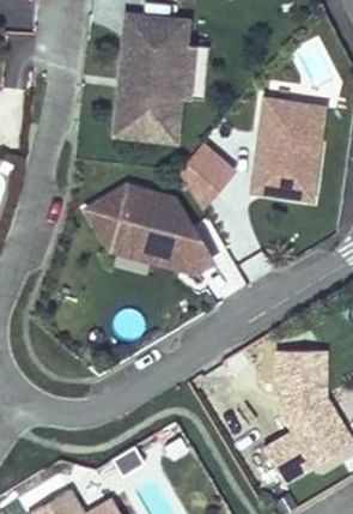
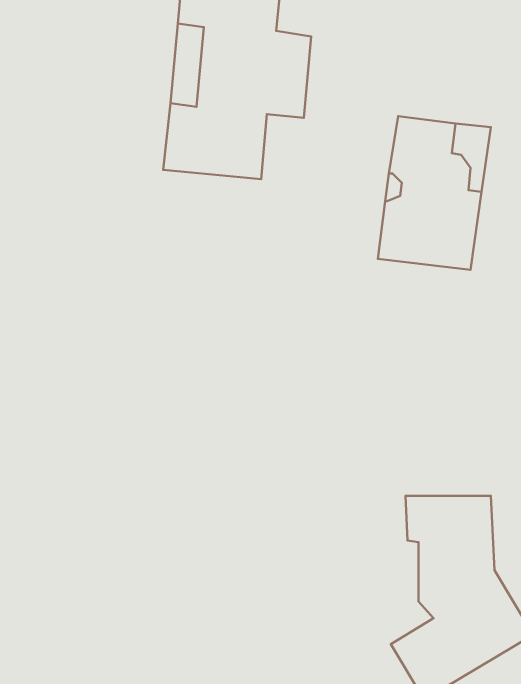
building: [181,138,231,211] -> none
building: [83,187,219,274] -> none

